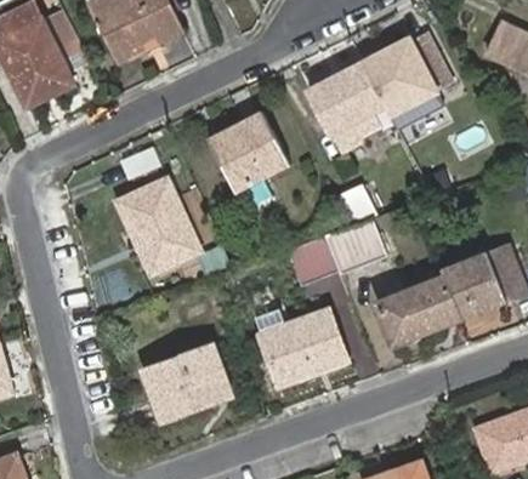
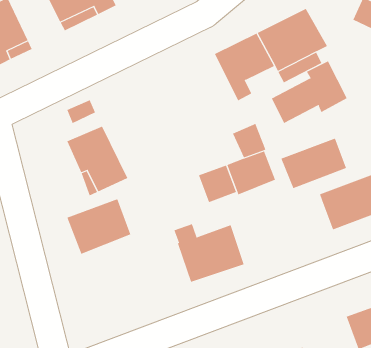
building: none -> [271,60,348,124]
building: [208,114,285,189] -> none
building: [374,278,459,343] -> [280,138,347,189]
building: [147,348,229,420] -> [67,199,131,255]

